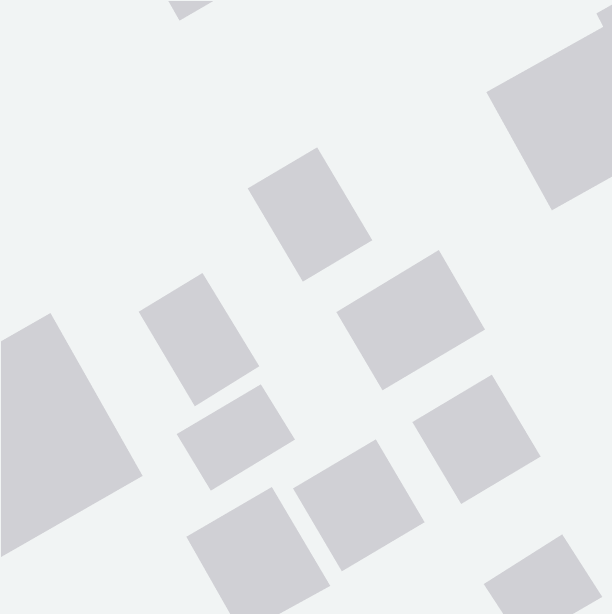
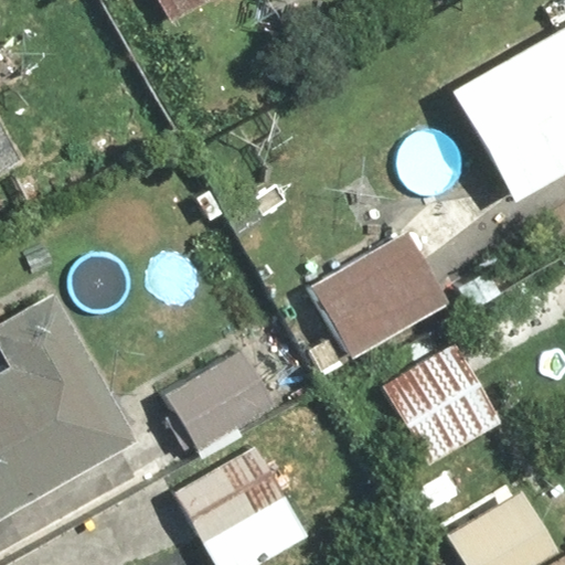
building: [246,146,373,283] -> none
building: [137,272,260,407] -> none
building: [292,438,426,572] -> none

